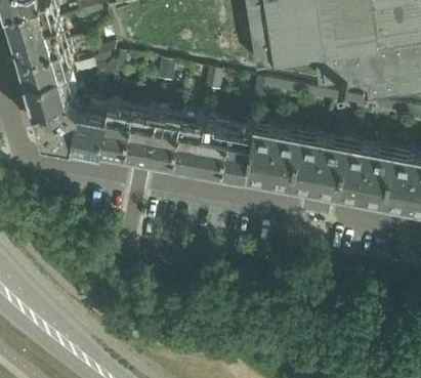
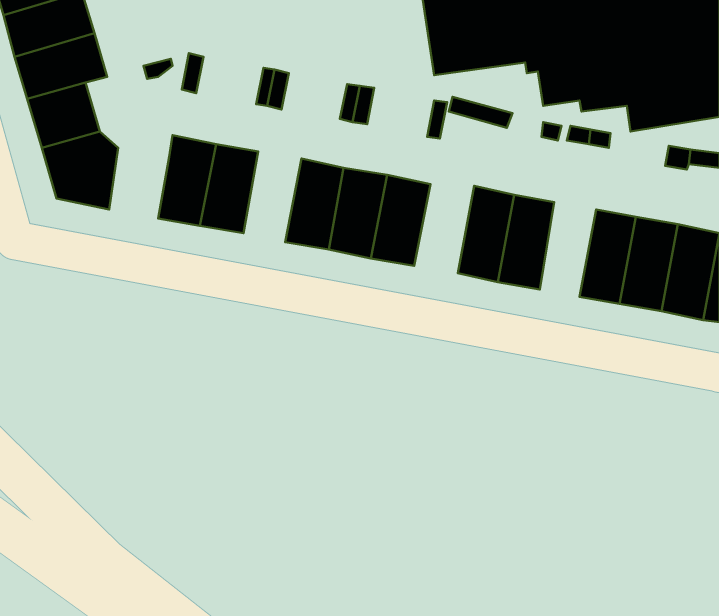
building: [74,111,108,151] -> none
building: [150,113,182,164] -> none
building: [246,128,280,181] -> none
building: [317,141,348,195] -> none

